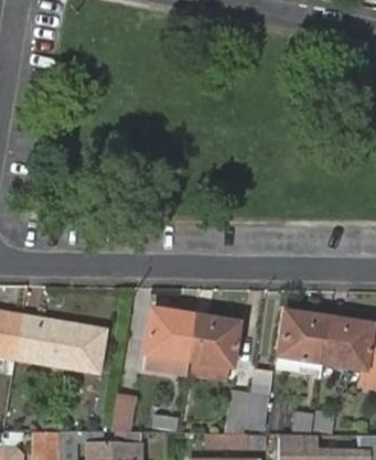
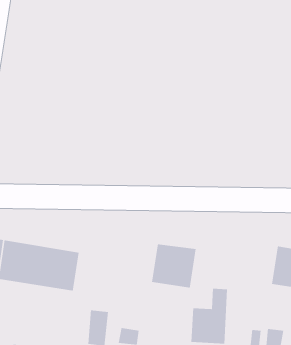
building: [139,311,193,376] -> none
building: [278,313,327,363] -> none

